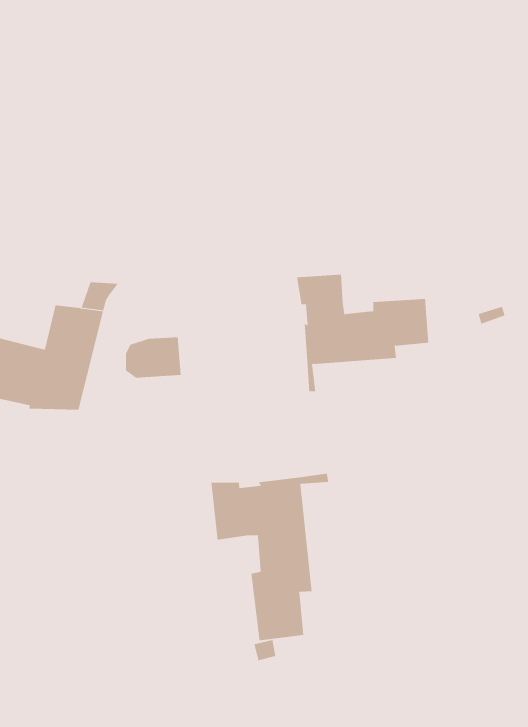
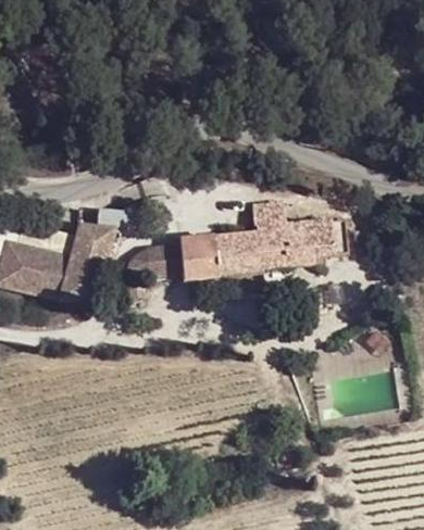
building: none -> [177,232,258,287]
building: [211,473,329,641] -> none

